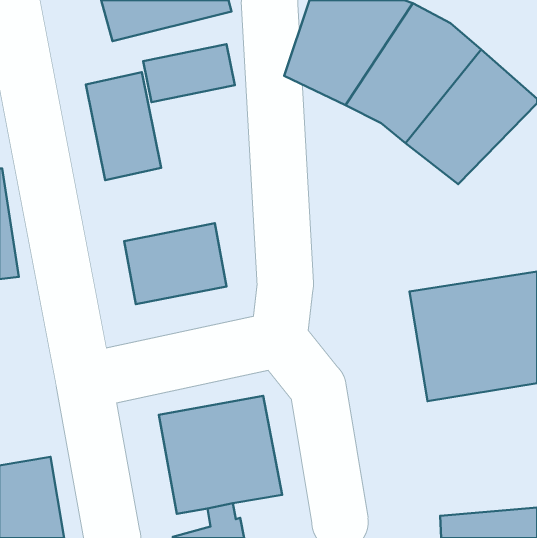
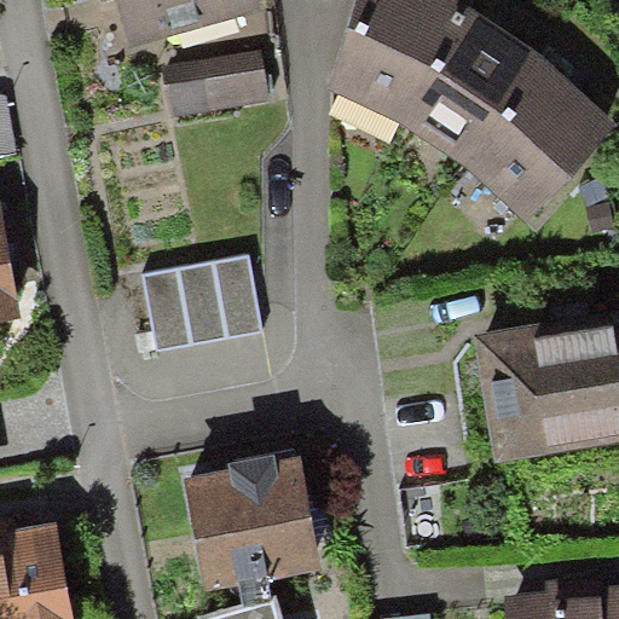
building: [86,72,161,180] -> none

